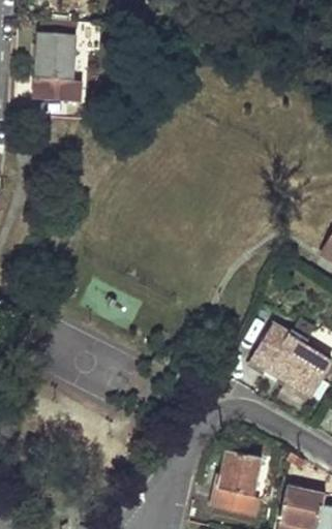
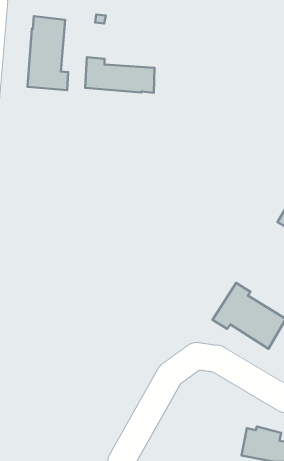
building: none -> [85,57,155,93]
building: [212,449,261,514] -> none

